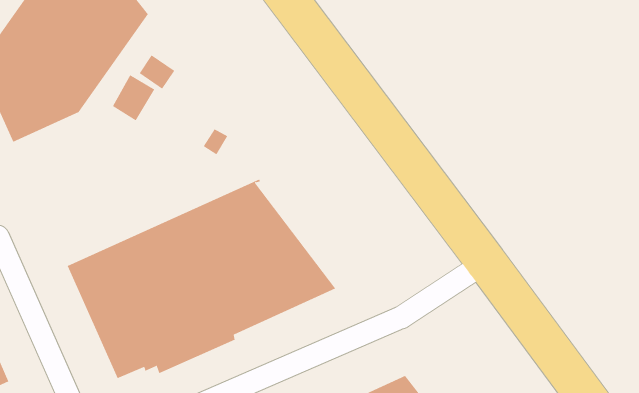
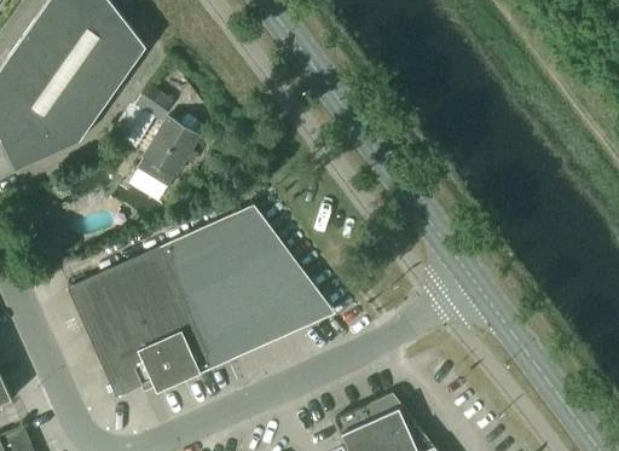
building: none -> [137,116,199,187]

